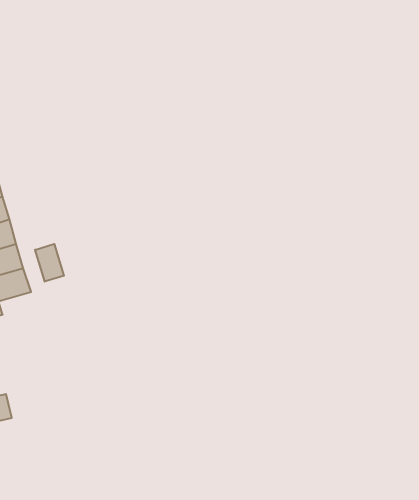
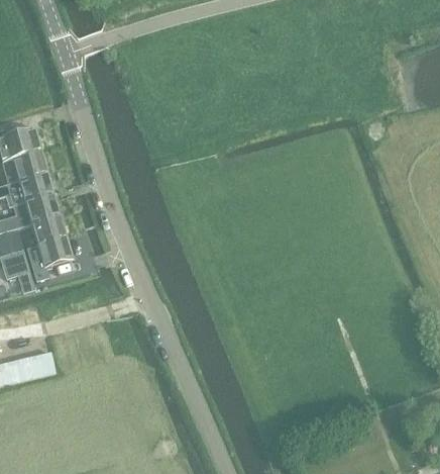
building: [35,244,64,282] -> none

